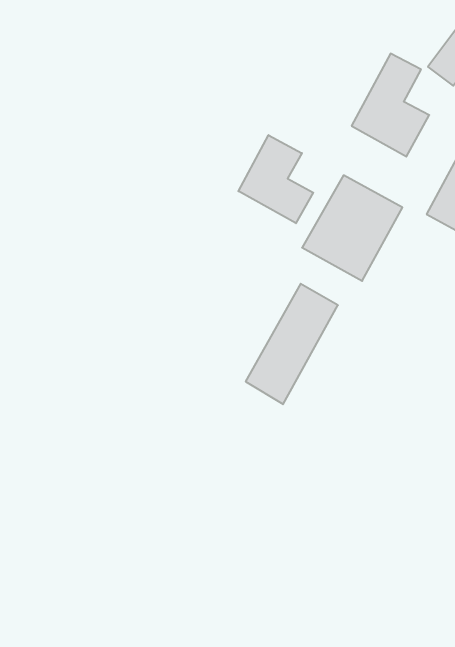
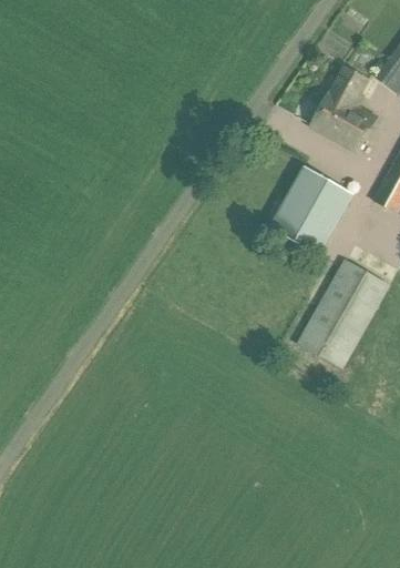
building: [238,135,313,223] -> none
building: [246,284,338,404] -> [299,257,376,357]

